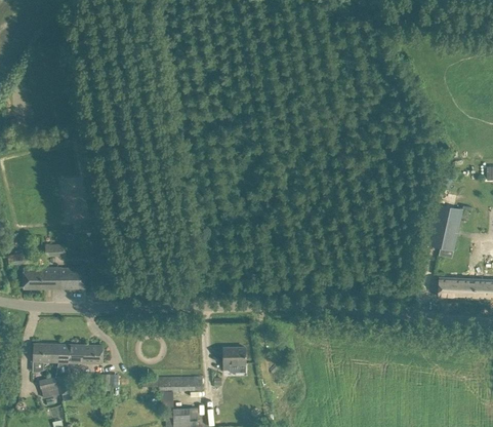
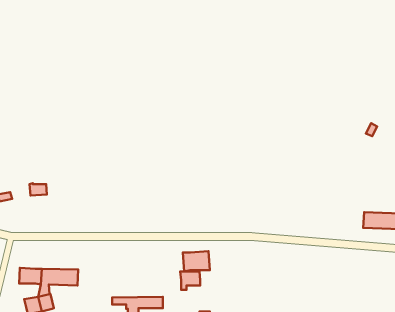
building: [424,206,459,251] -> none
building: [25,267,86,288] -> none
building: none -> [183,251,210,271]

